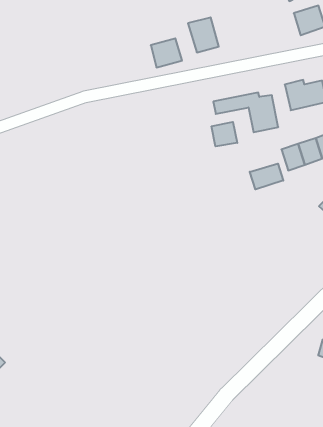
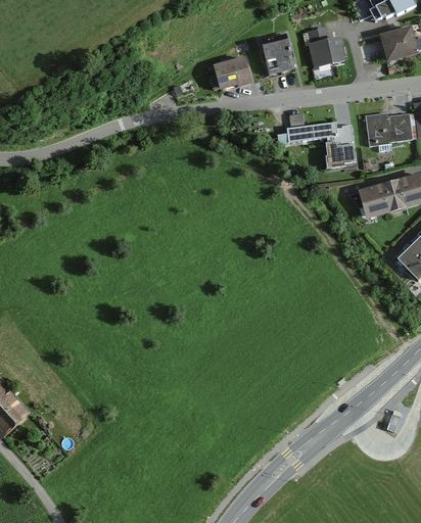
building: none -> [307,26,344,66]
building: [212,122,237,146] -> none
building: [250,164,283,189] -> none

